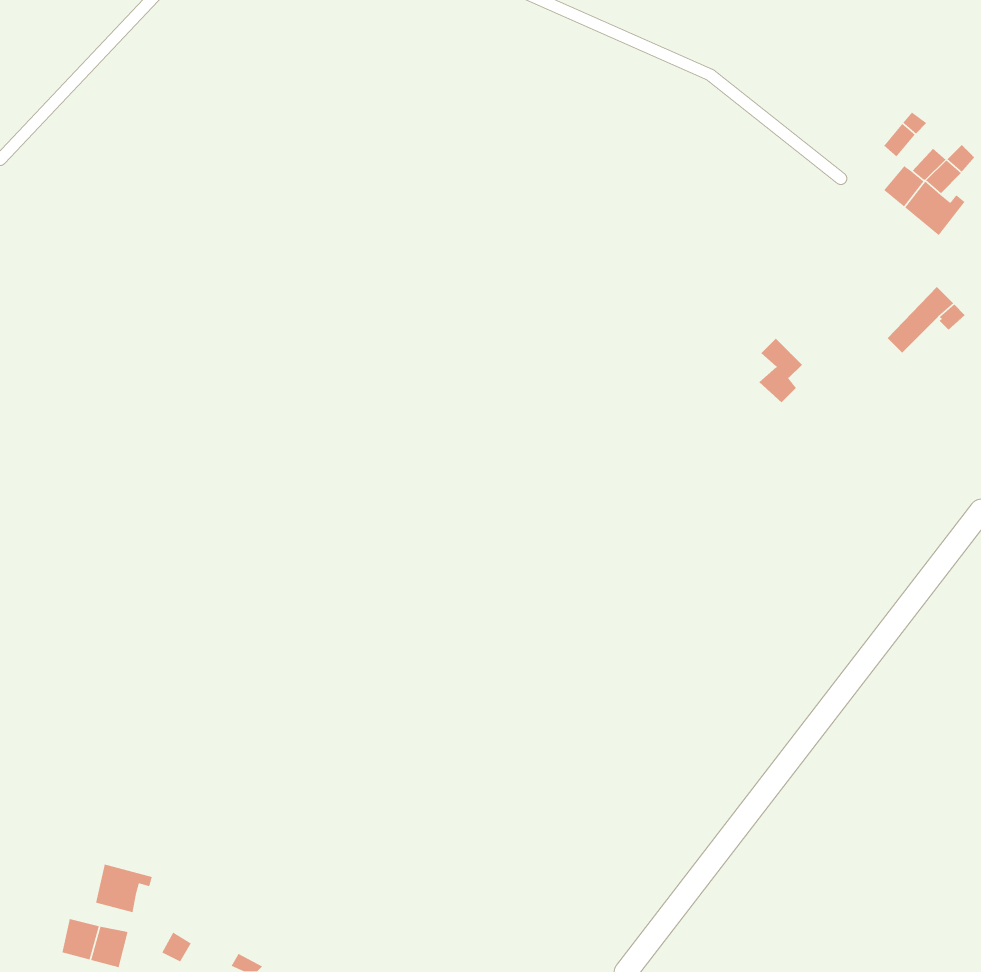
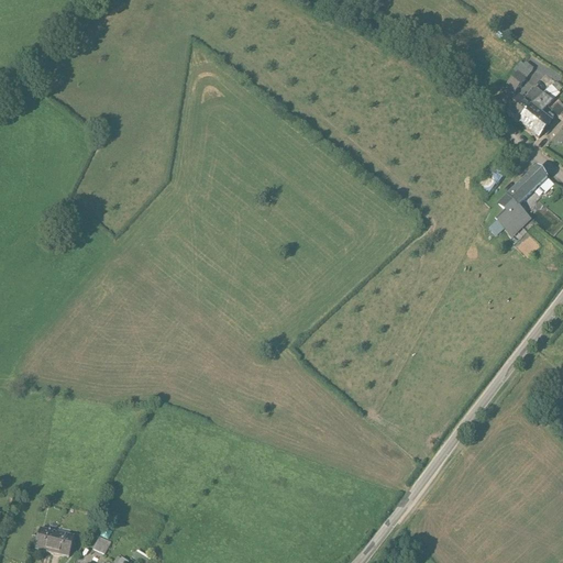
building: [759,338,803,403] -> [498,194,523,231]
building: [95,863,153,913] -> none

